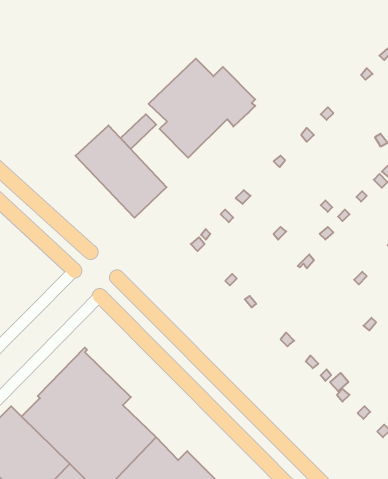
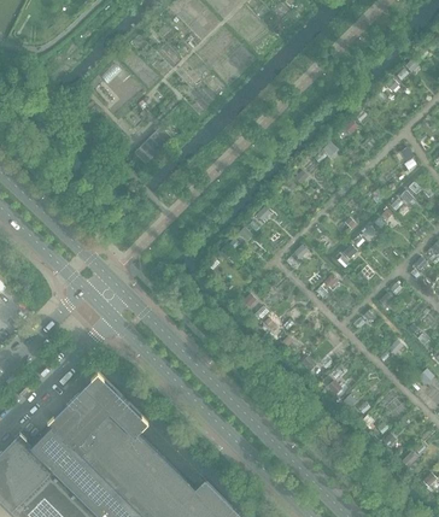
building: [149,59,255,158] -> none
building: [75,125,167,218] -> none

